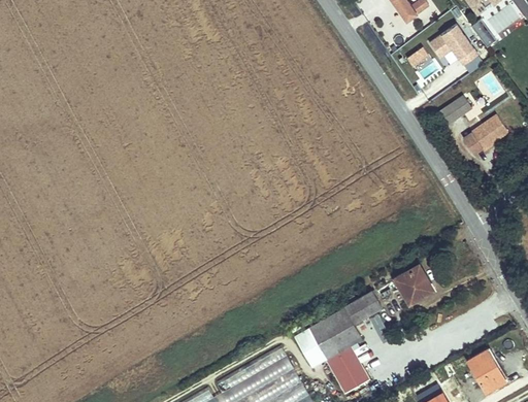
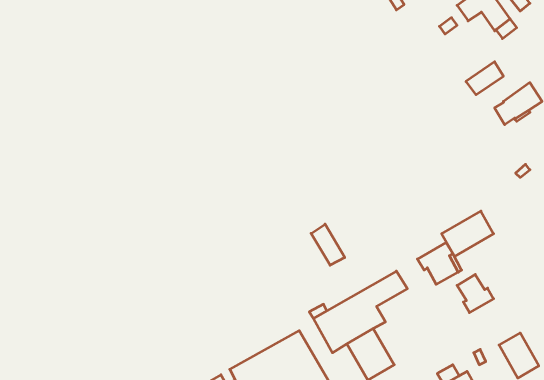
building: none -> [442,211,494,256]
building: none -> [311,224,345,265]
building: none -> [457,274,494,313]

